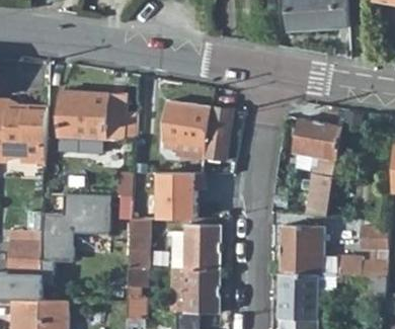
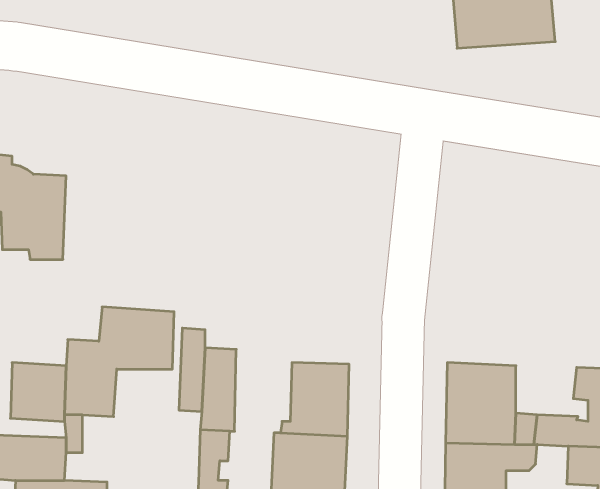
building: [56,91,135,153] -> none
building: [160,102,229,164] -> none
building: [291,119,340,216] -> none
building: [152,174,189,222] -> none

